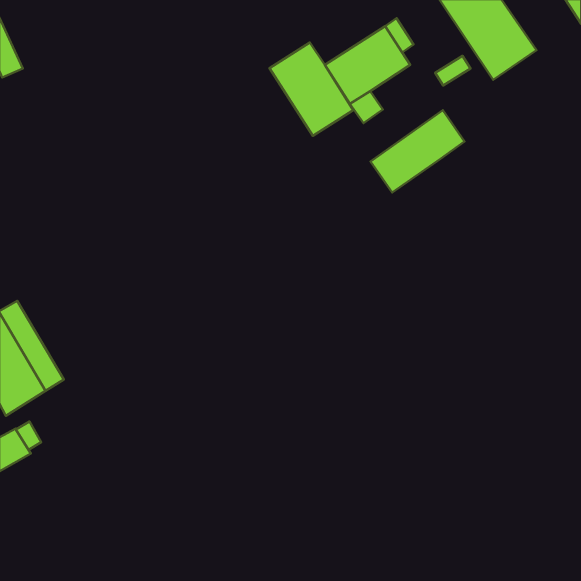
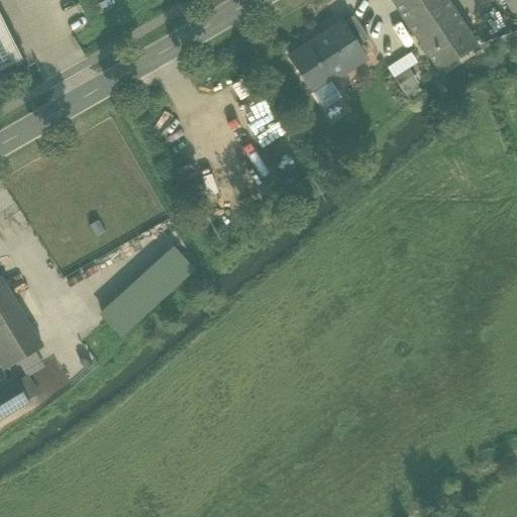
building: [269,43,353,136] -> none
building: [371,110,464,192] -> none
building: none -> [100,243,196,336]

